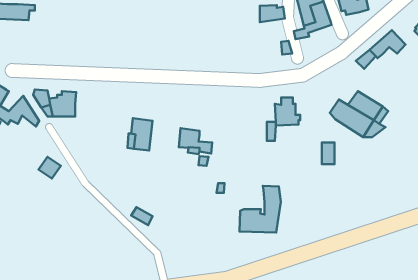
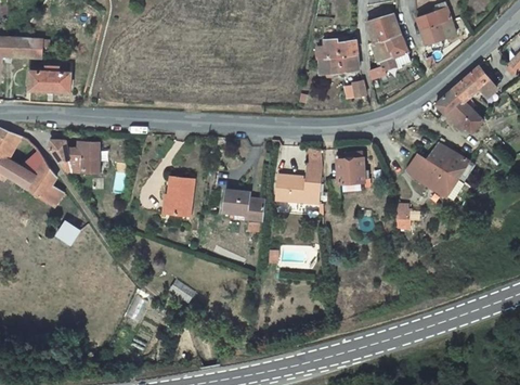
building: none -> [322,53,354,73]
building: none -> [31,65,73,90]
building: none -> [447,99,484,132]
building: none -> [18,170,63,206]
building: [239,186,281,232] -> [274,146,324,203]

